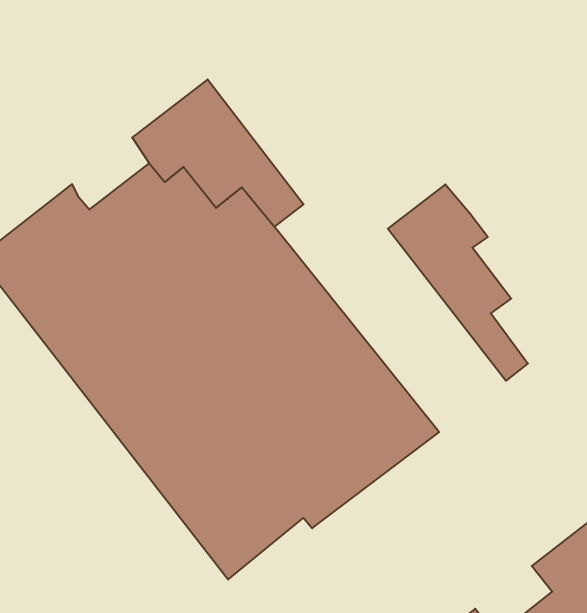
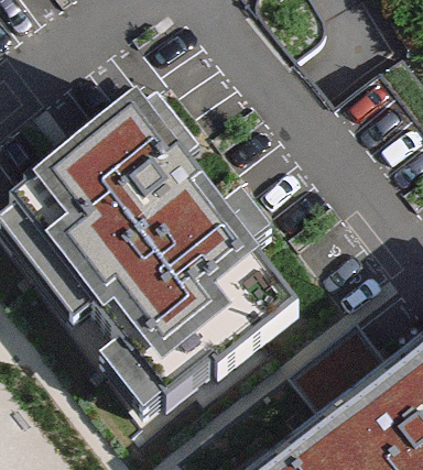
building: [388,184,528,381] -> none

